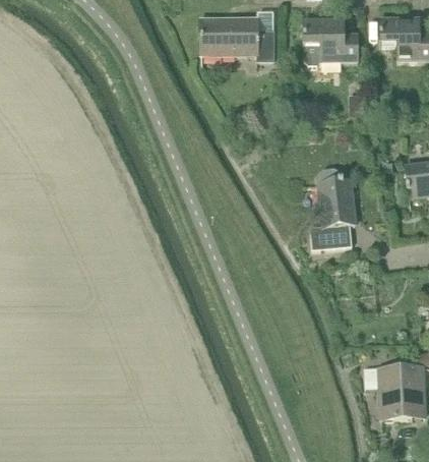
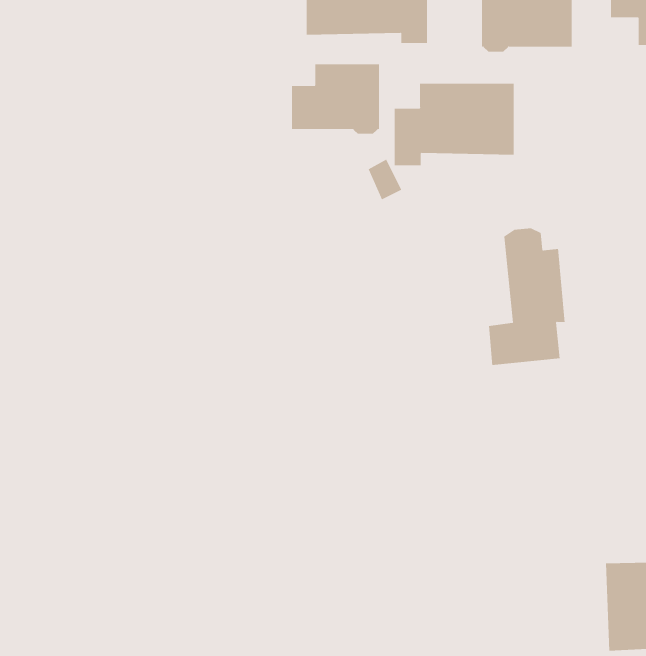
building: none -> [291,64,380,134]
building: none -> [394,83,514,166]

